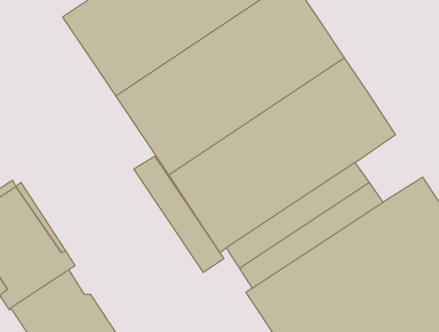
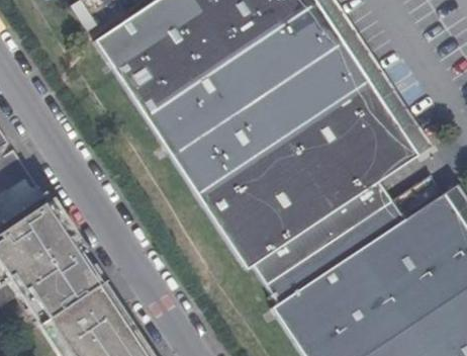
building: [134,156,224,273] -> none

